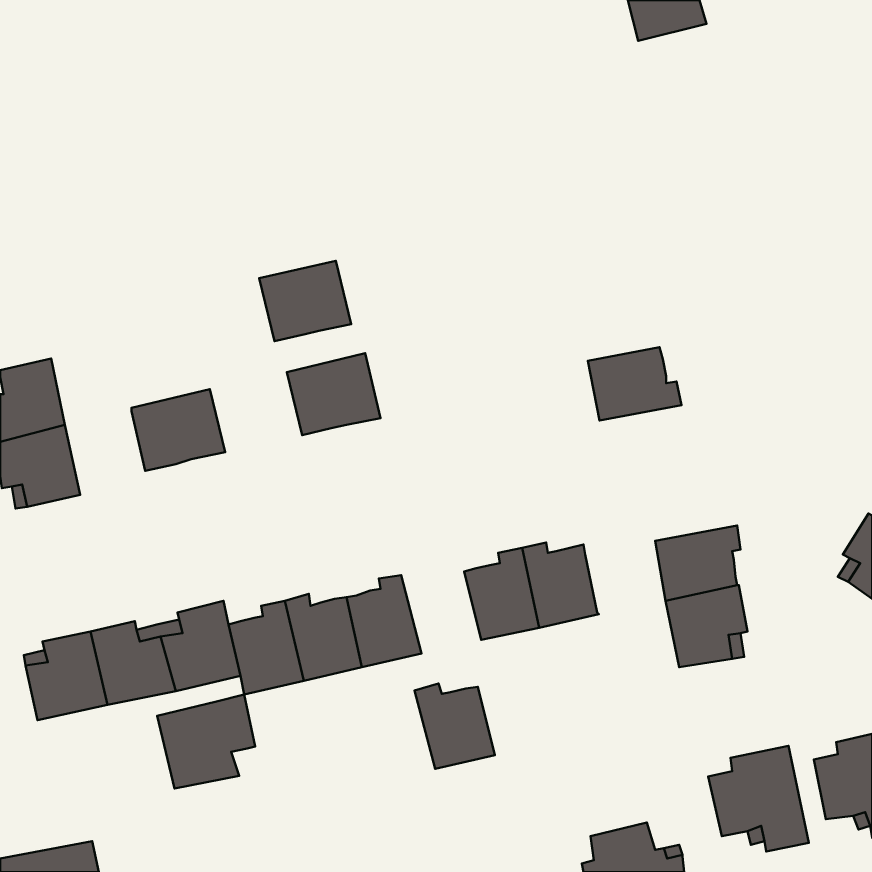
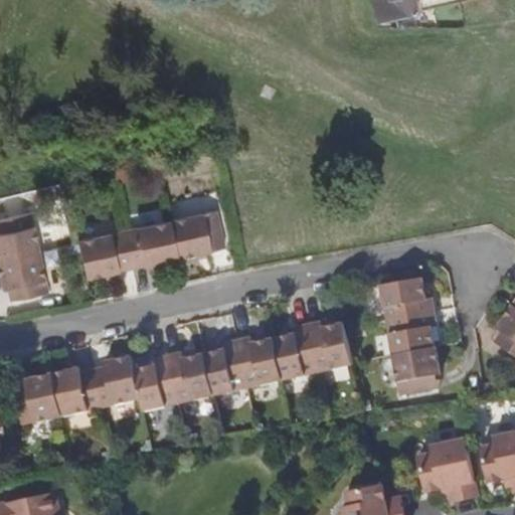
building: [259,261,351,341] -> [124,219,178,267]
building: [588,347,682,421] -> [379,276,435,319]
building: [415,684,495,769] -> [236,335,284,385]
building: [157,695,255,788] -> none

